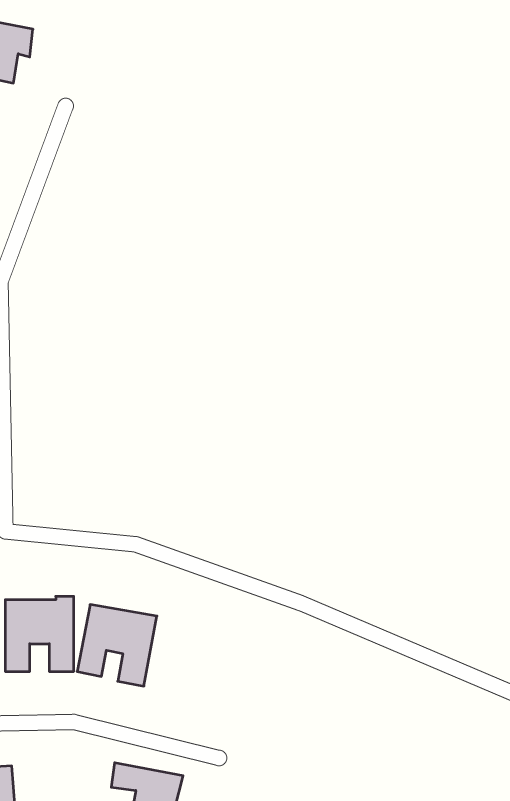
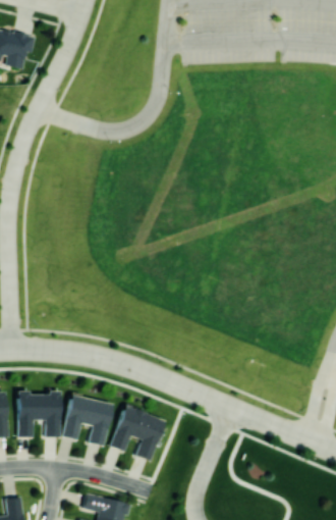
building: none -> [110,406,164,462]

